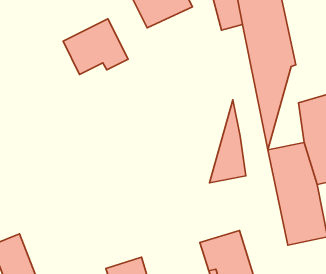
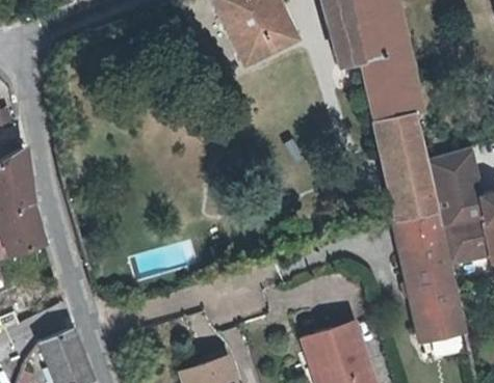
building: [63,19,128,74] -> none
building: [209,100,246,183] -> [392,114,439,221]

